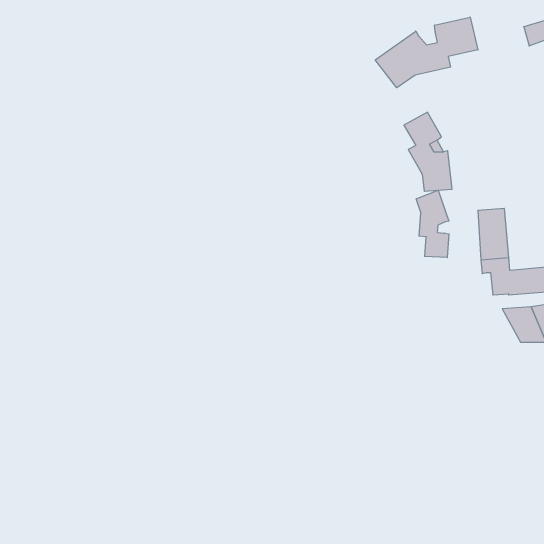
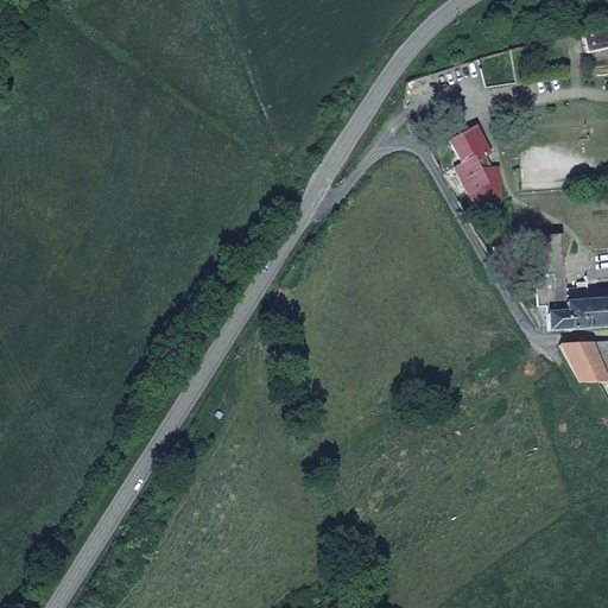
building: [375,17,478,88] -> none
building: [416,190,449,258] -> none

